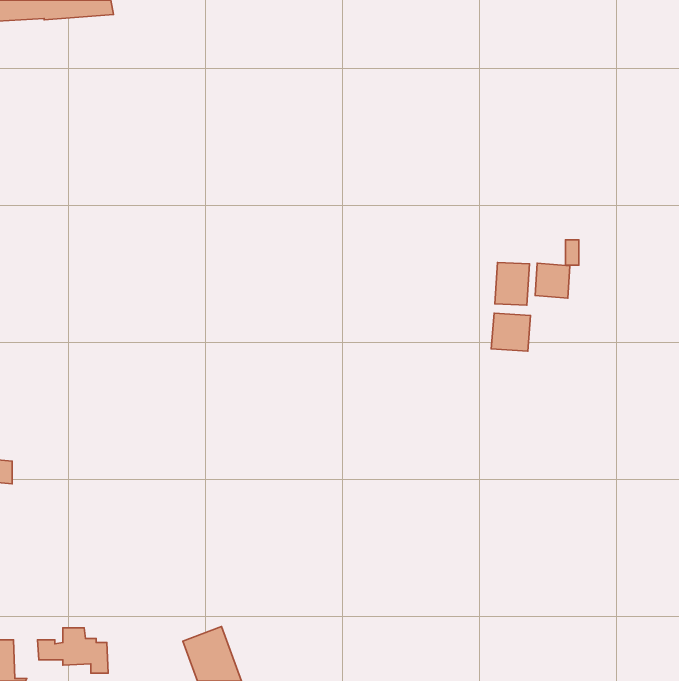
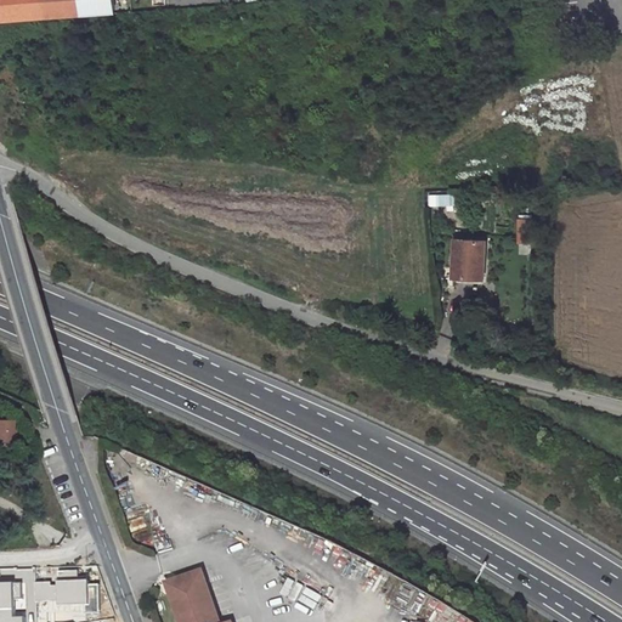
building: [535,263,570,298] -> none
building: [491,313,531,351] -> none

